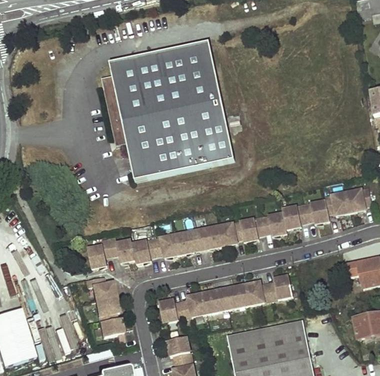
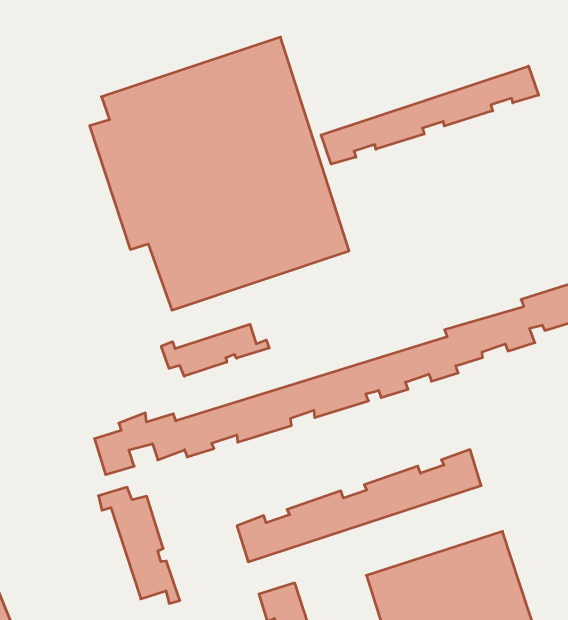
building: none -> [321,66,539,164]
building: none -> [161,324,269,376]

